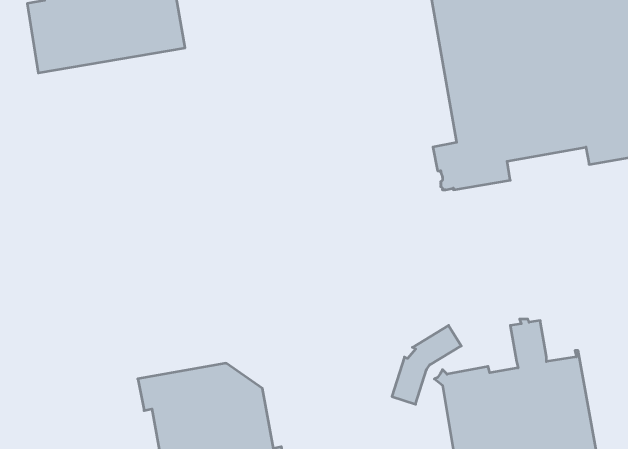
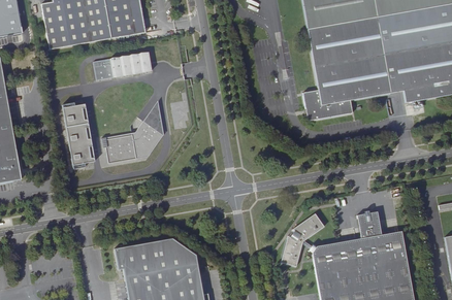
building: none -> [93,51,151,80]
building: none -> [100,101,163,163]
building: none -> [61,103,94,170]

